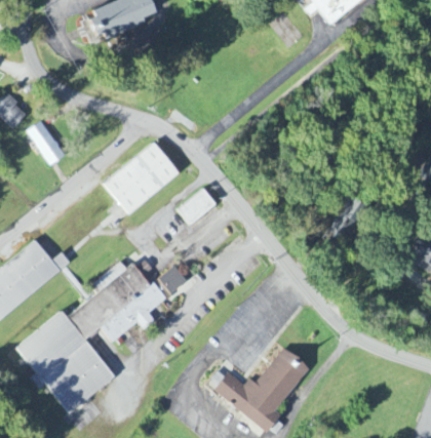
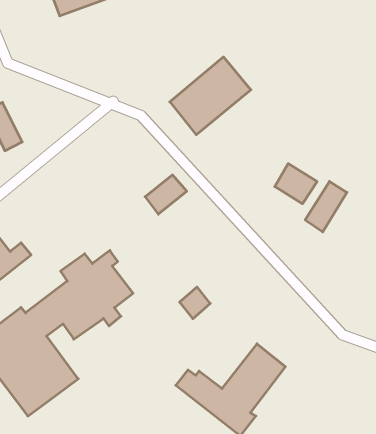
building: [104,142,180,214] -> [170,57,251,135]
building: none -> [275,164,317,204]
building: [158,265,187,294] -> [180,287,210,319]

